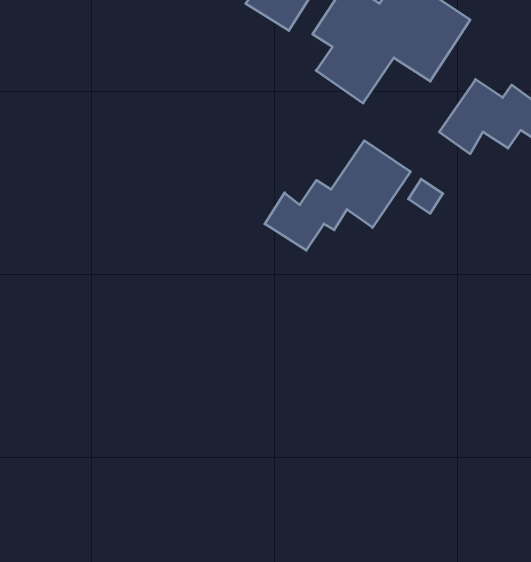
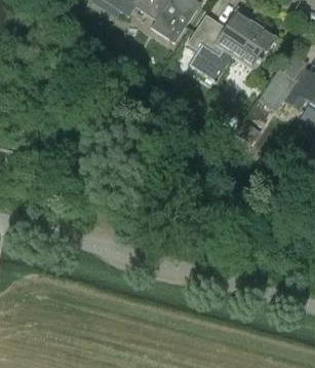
building: [265,141,410,250] -> none

